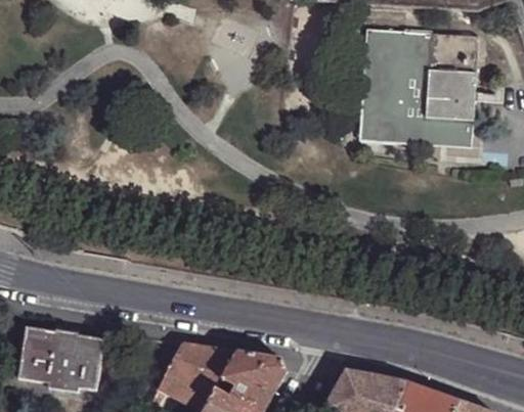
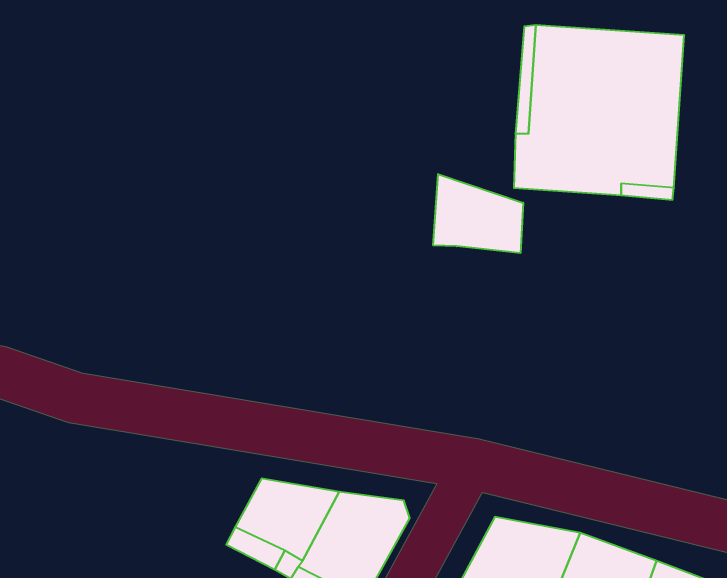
building: none -> [433,174,523,253]
building: [18,325,103,393] -> none

